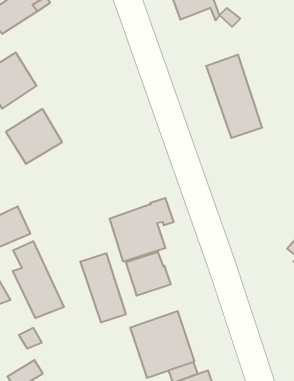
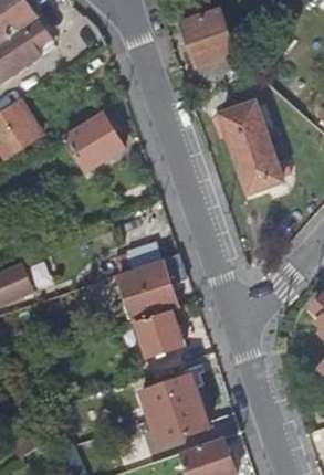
building: [6,109,62,164] -> [64,113,124,171]
building: [13,241,64,318] -> none
building: [80,253,126,323] -> none

